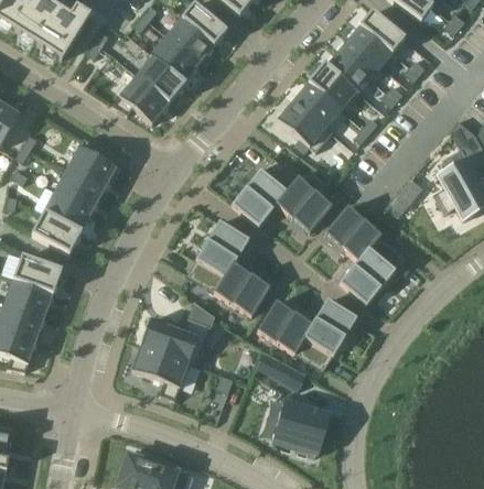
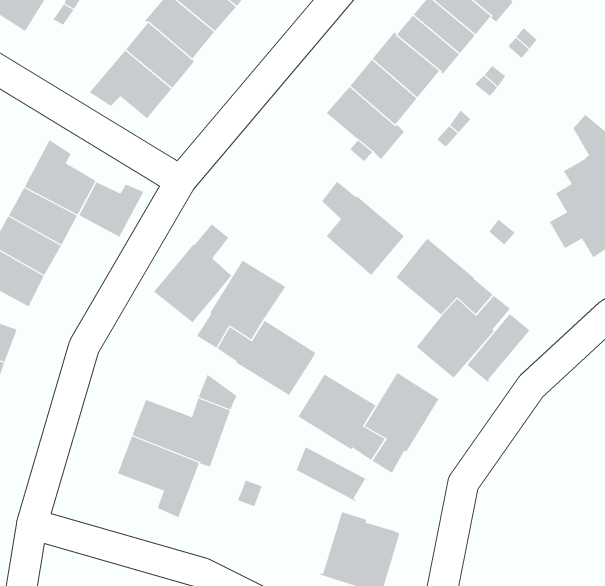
building: [232,156,287,226] -> [153,224,232,323]
building: none -> [78,181,144,238]
building: none -> [466,313,530,383]

